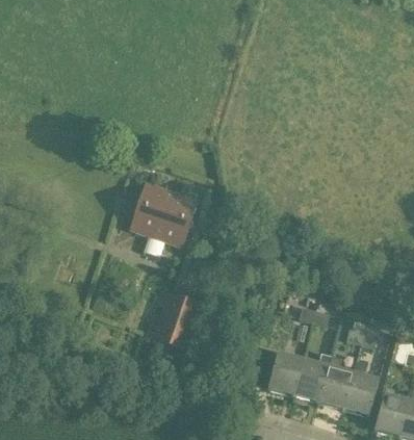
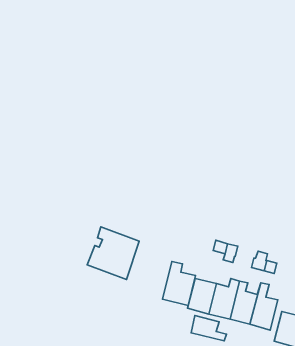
building: [130,181,198,245] -> none
building: none -> [163,262,196,306]
building: none -> [191,316,226,341]

